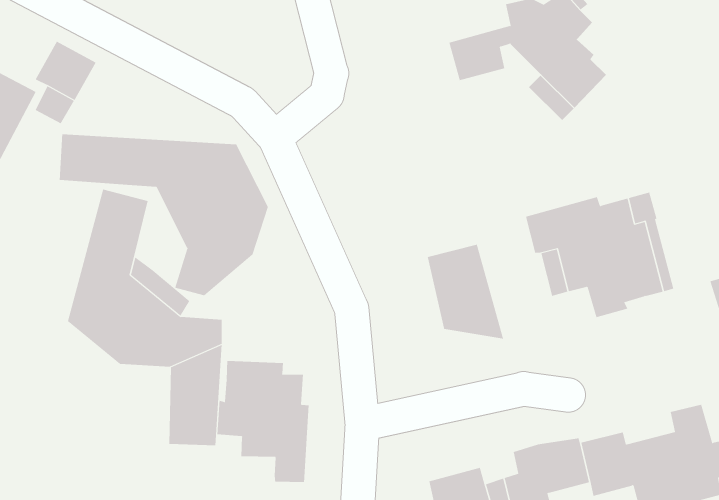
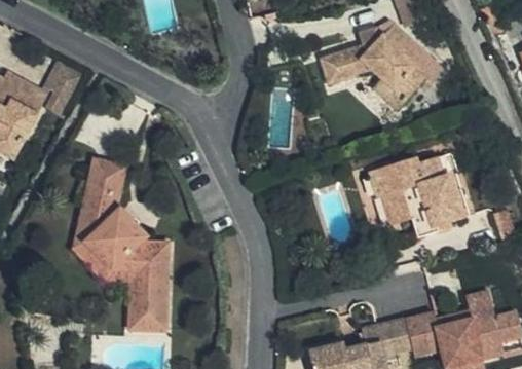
building: [59,133,269,296] -> none
building: [427,244,504,339] -> none
building: [217,360,309,483] -> none

